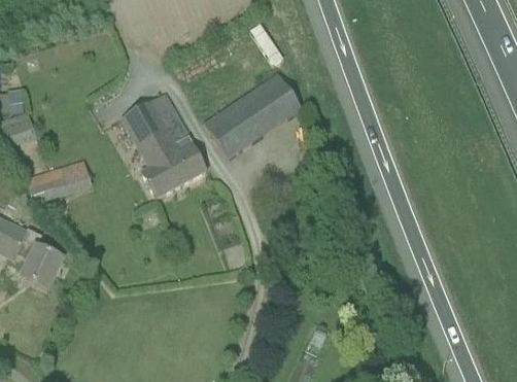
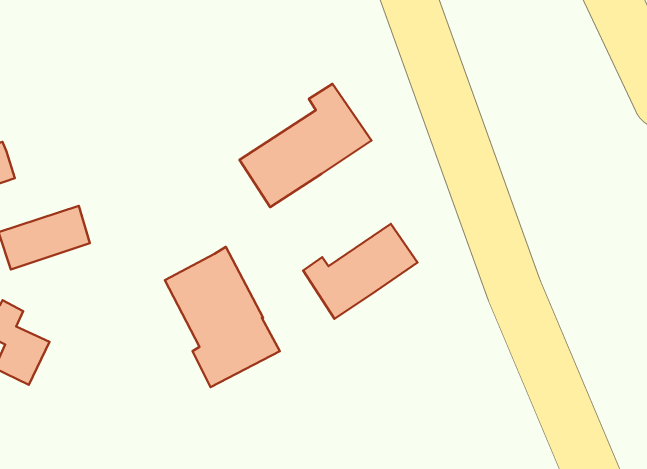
building: [122,94,207,198] -> [165,247,280,387]
building: none -> [303,224,418,319]

